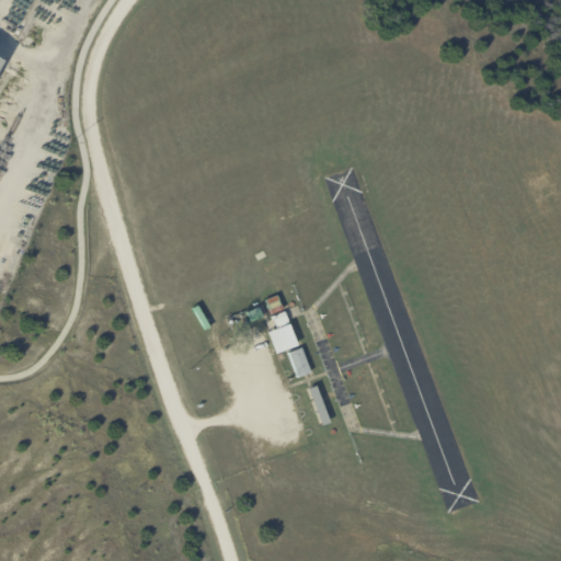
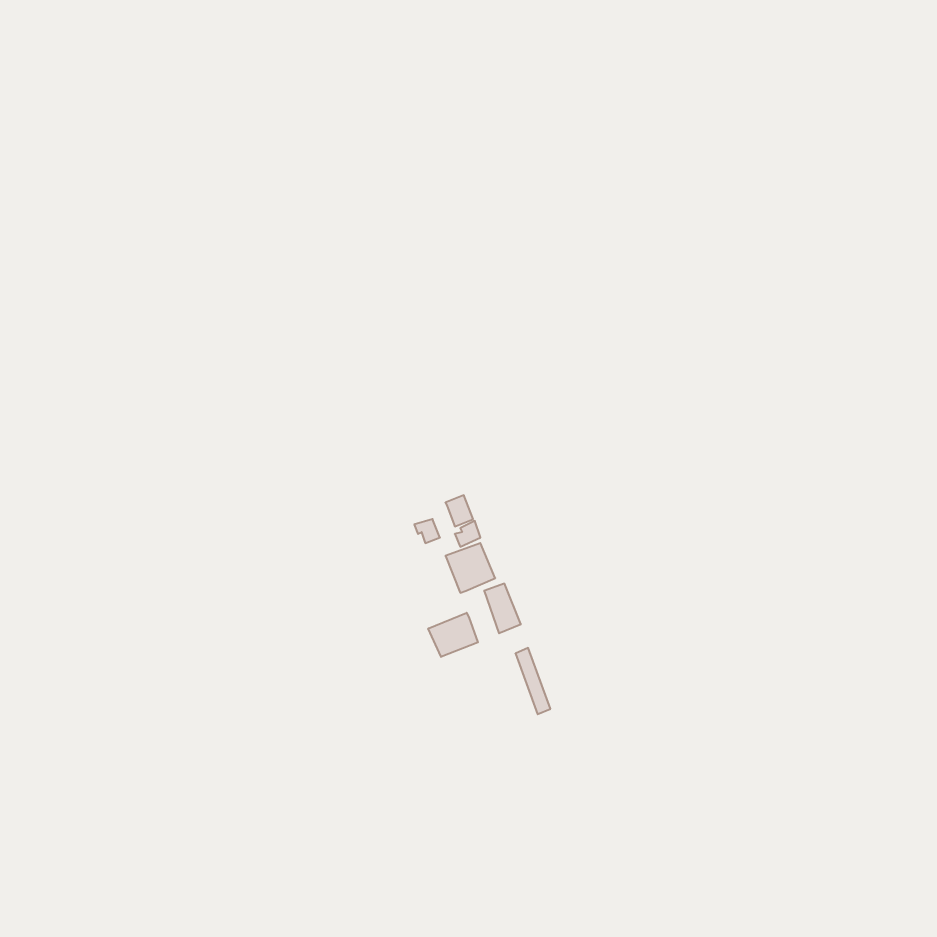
building: none -> [428,613,478,657]

